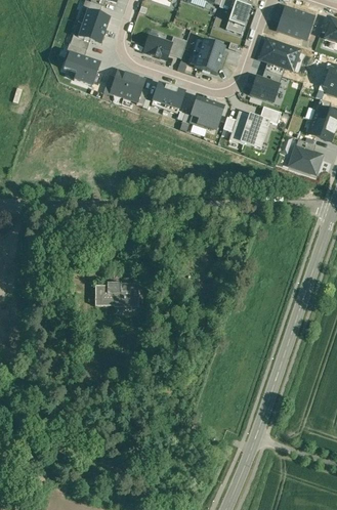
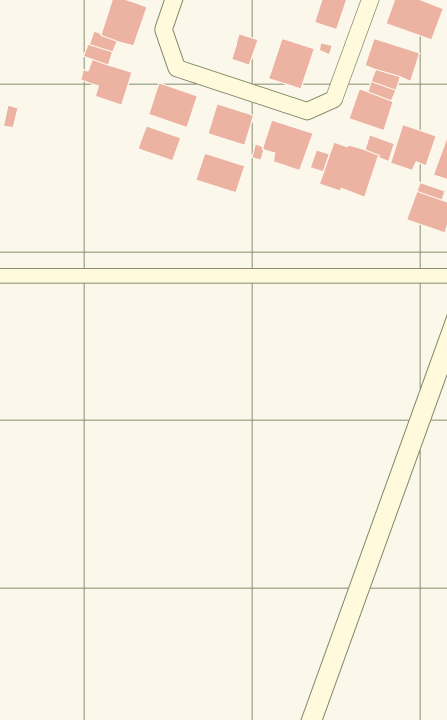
building: [142,35,171,59] -> none
building: none -> [391,124,436,170]
building: none -> [138,126,181,161]
building: none -> [196,153,245,193]
building: [96,281,139,305] -> none

